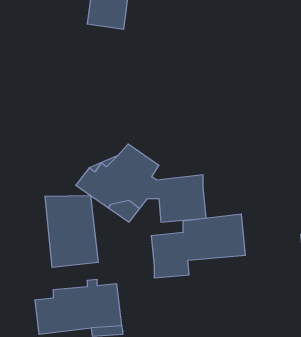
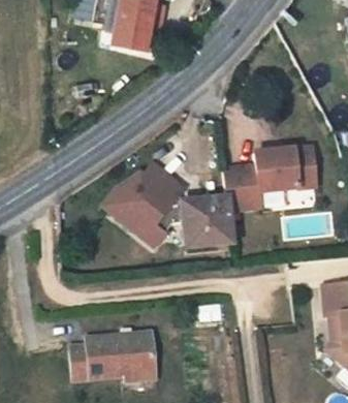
building: [45,195,98,267] -> none
building: [151,214,245,278] -> [225,149,320,213]

